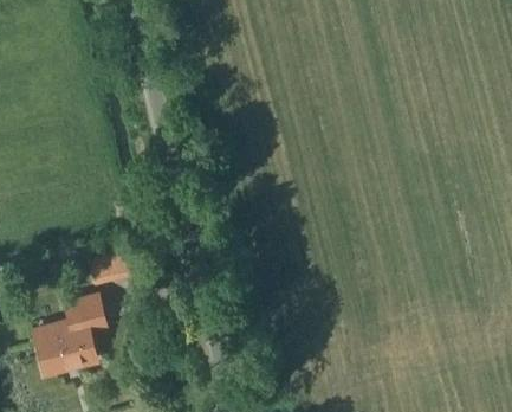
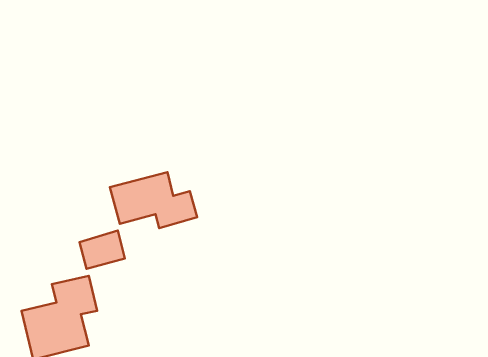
building: none -> [110,172,197,228]

